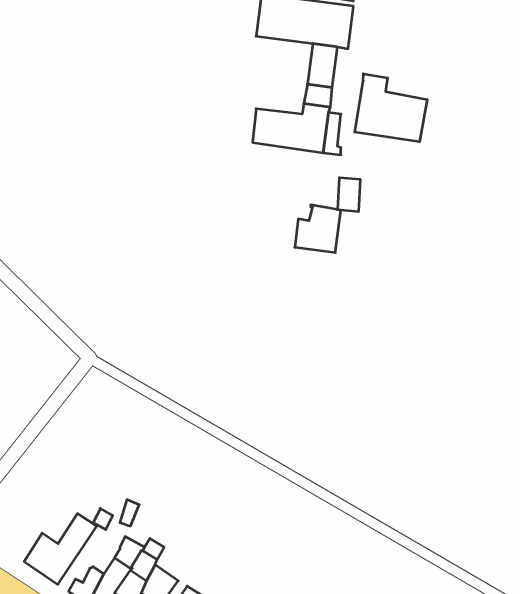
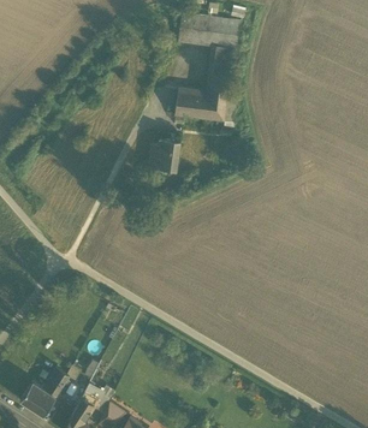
building: [355,74,427,142] -> none
building: [295,205,341,253] -> [147,138,178,171]

